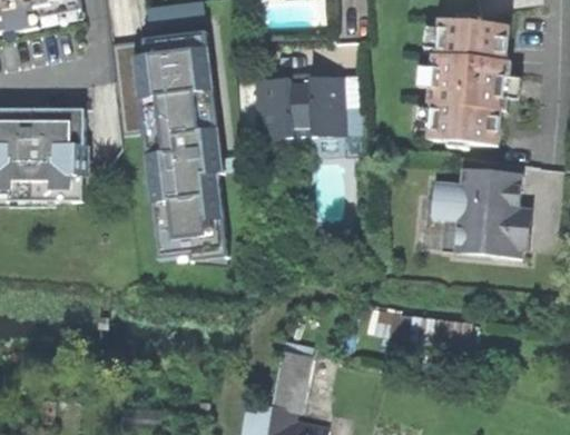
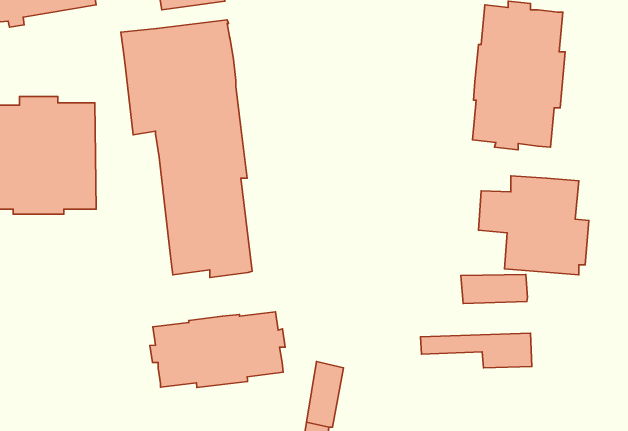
building: [258,77,345,139] -> none
building: none -> [461,275,527,304]
building: none -> [150,312,285,388]

